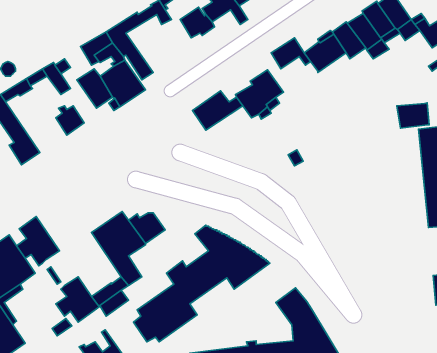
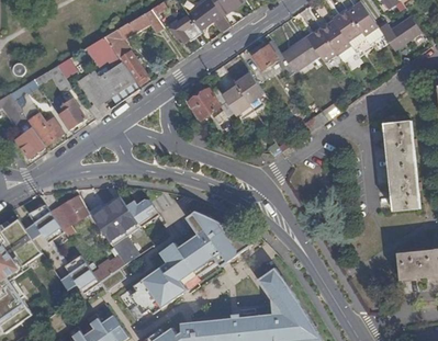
building: [397,103,429,128] -> none
building: none -> [31,111,63,143]
building: none -> [50,195,91,238]

